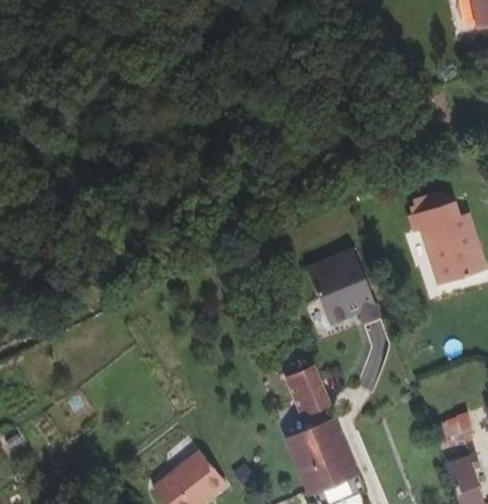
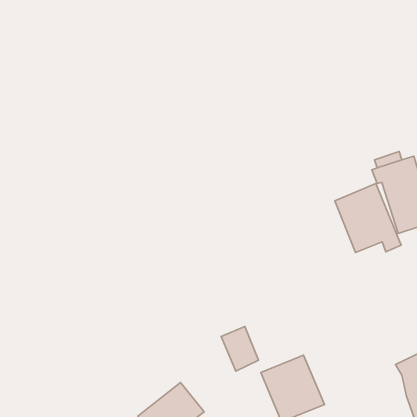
building: [306,250,379,326] -> [335,183,401,253]
building: [287,366,328,415] -> [221,327,258,371]

